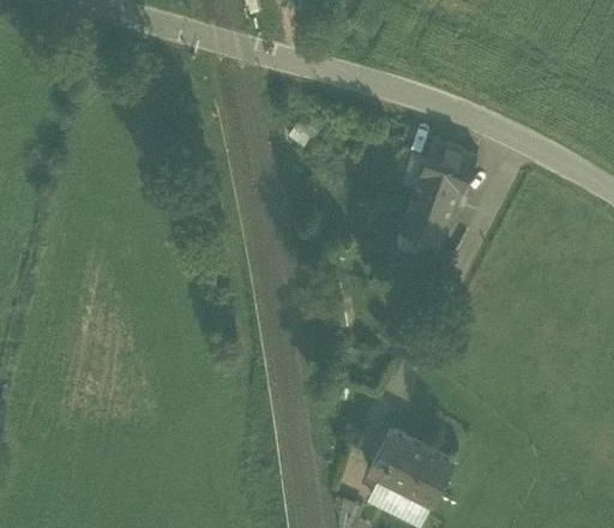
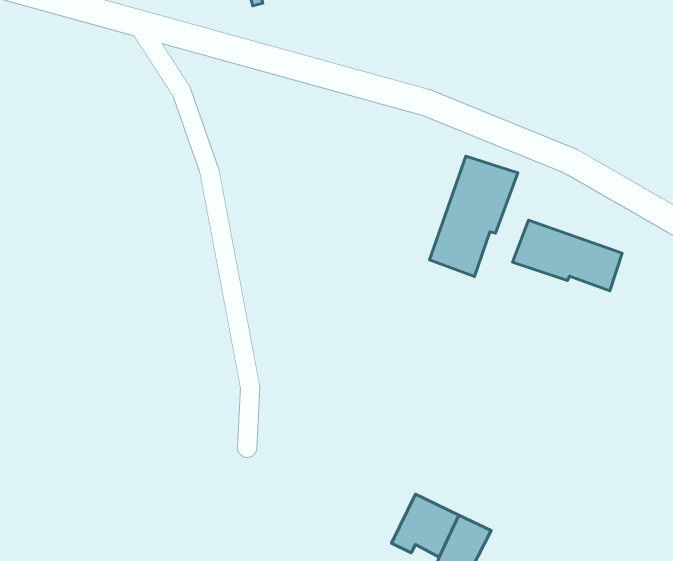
building: none -> [512,220,622,291]

